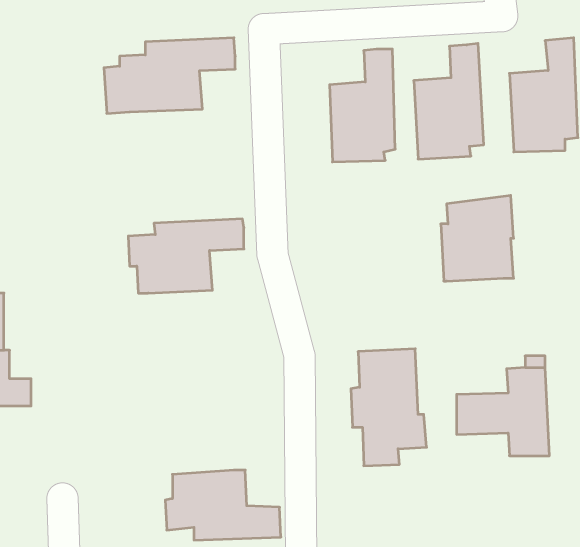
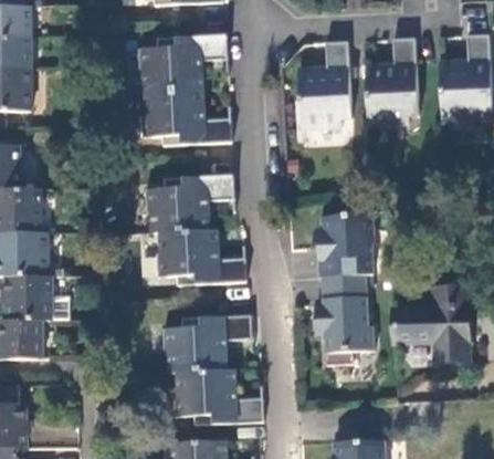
building: none -> [140,90,231,145]
building: [441,195,514,281] -> [317,211,374,278]
building: none -> [155,229,245,284]
building: none -> [160,314,251,373]

